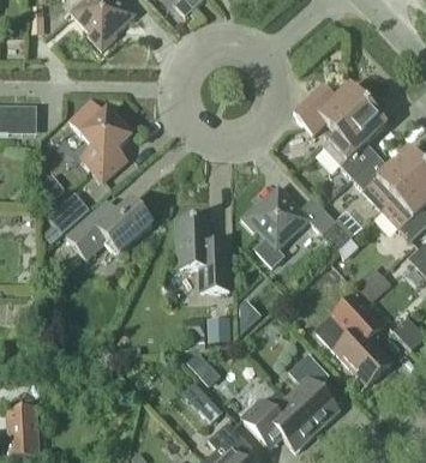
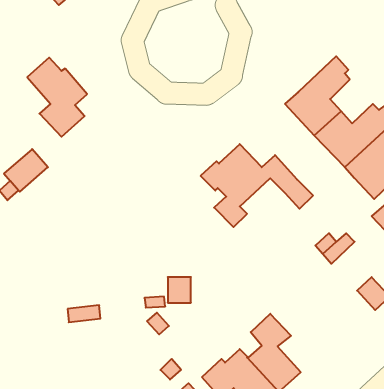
building: [294,83,373,134] -> none
building: [66,199,152,258] -> none
building: [176,217,229,290] -> none
building: [313,294,391,384] -> none

